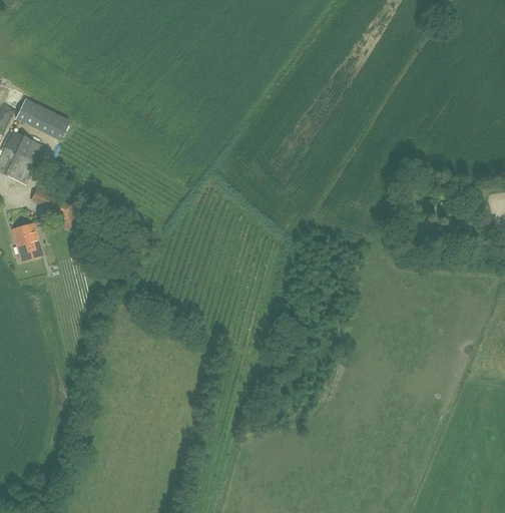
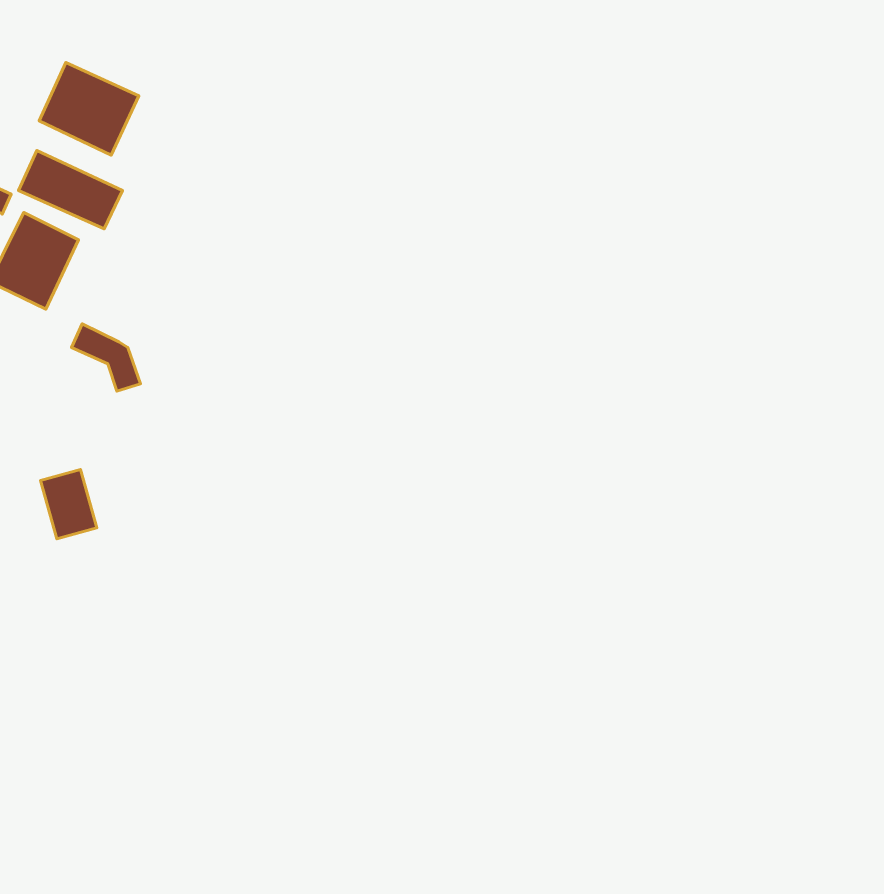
building: none -> [39,63,139,155]
building: [13,222,44,261] -> [40,470,97,539]

